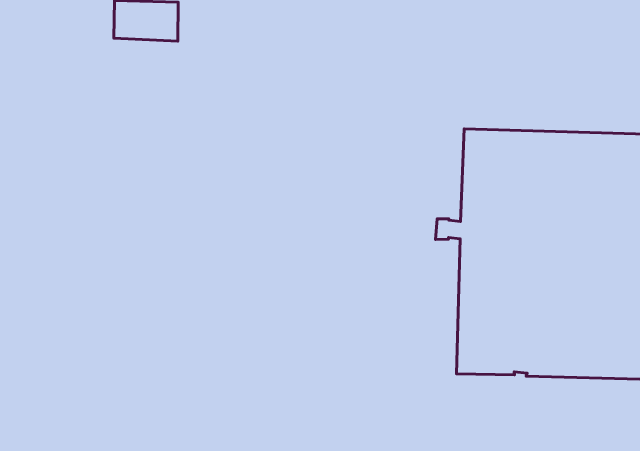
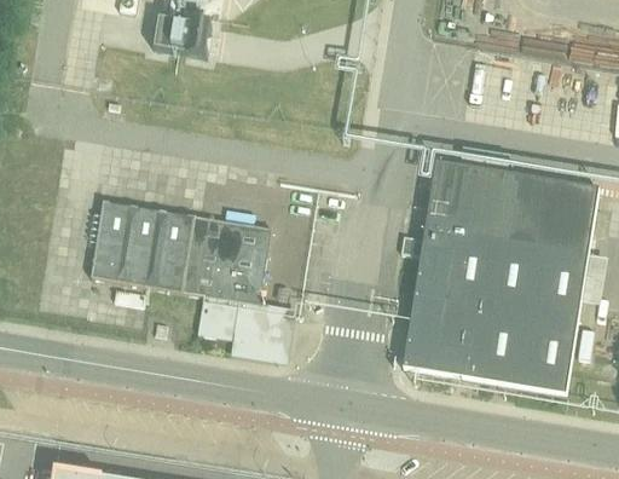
building: none -> [91,198,283,352]

